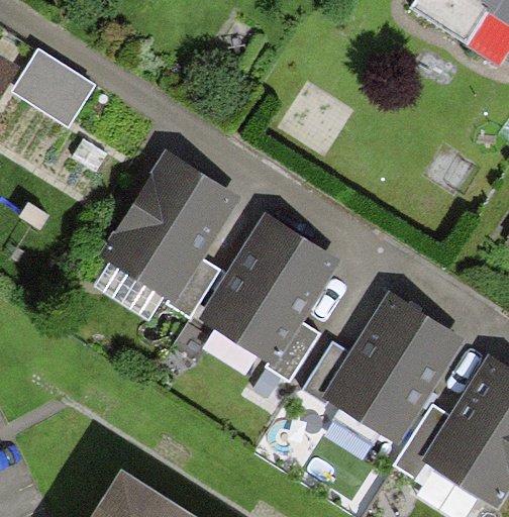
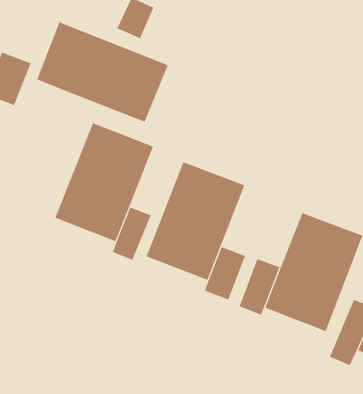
building: none -> [36,22,168,123]

